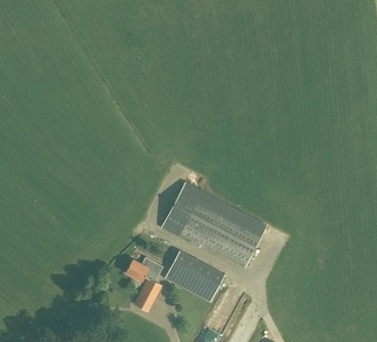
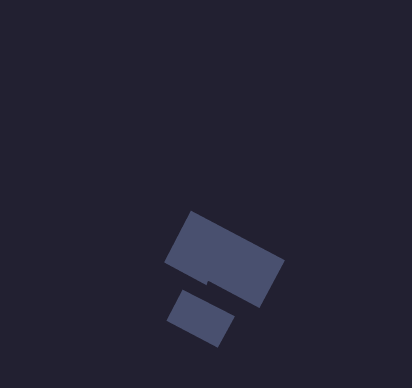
building: [125,259,161,310] -> none

